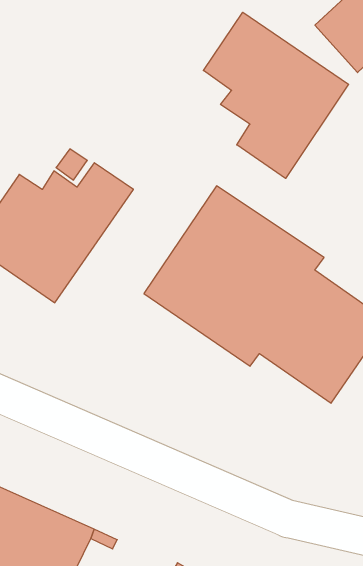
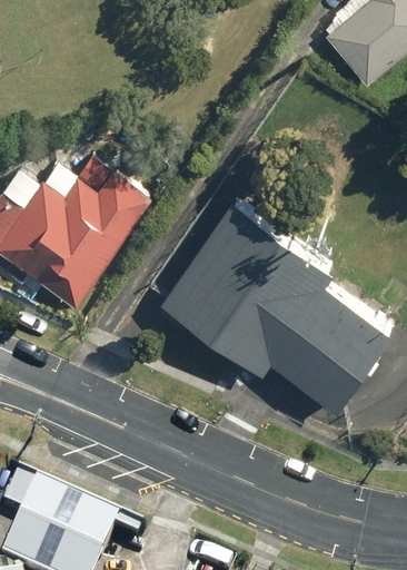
building: [203,12,349,178] -> none

